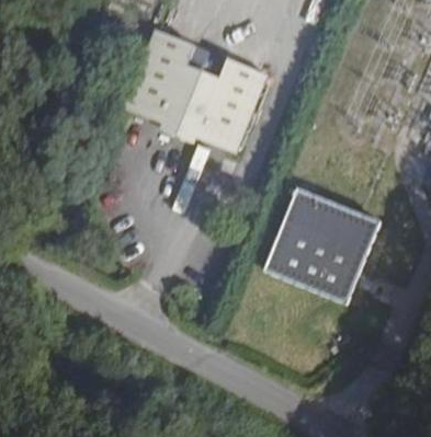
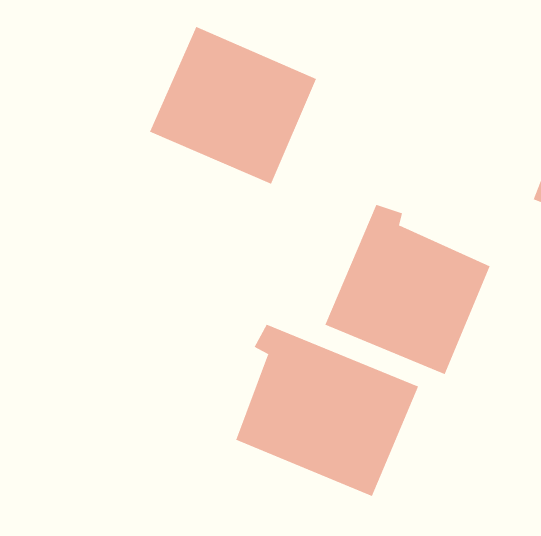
building: none -> [236,324,419,497]

